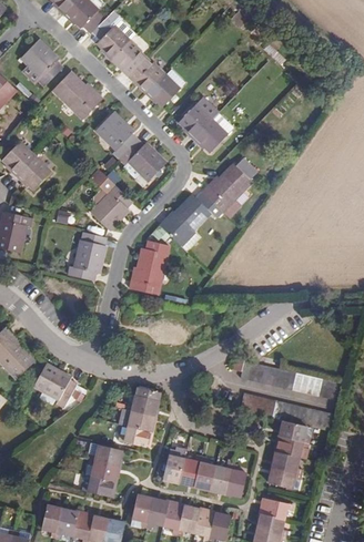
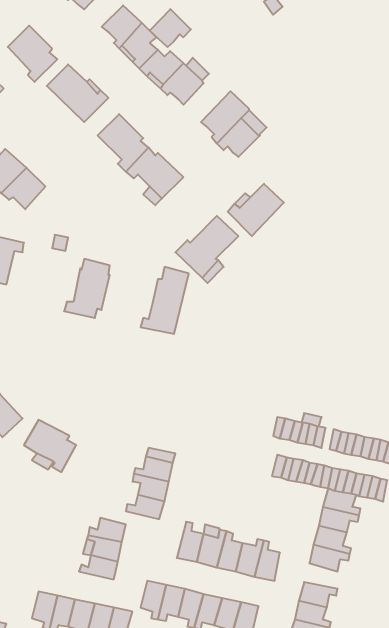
building: none -> [149,9,191,47]
building: [89,182,132,231] -> none

